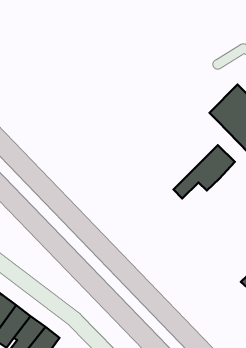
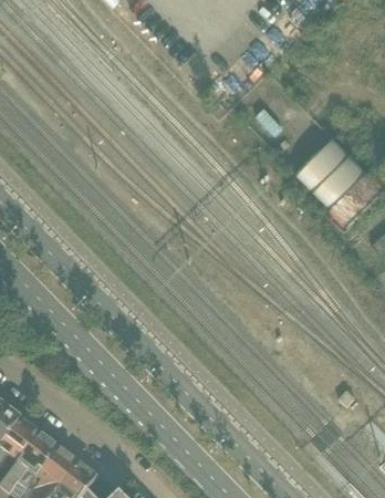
building: [173,145,235,198] -> none

